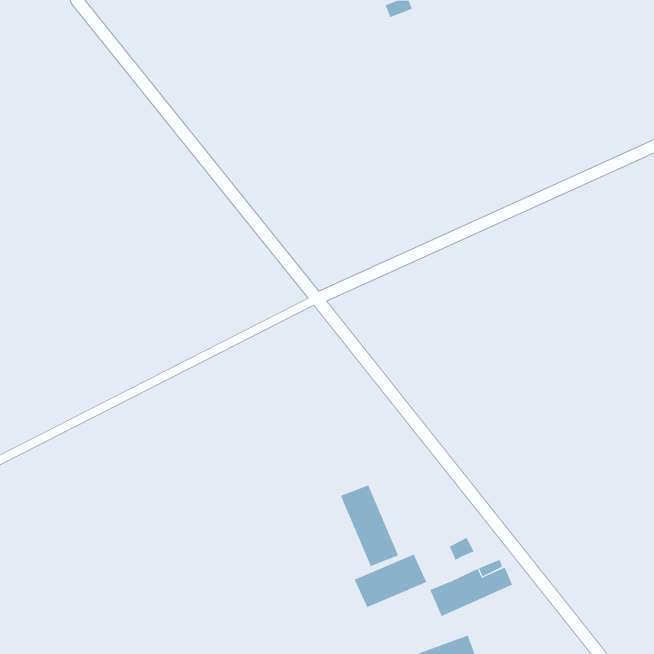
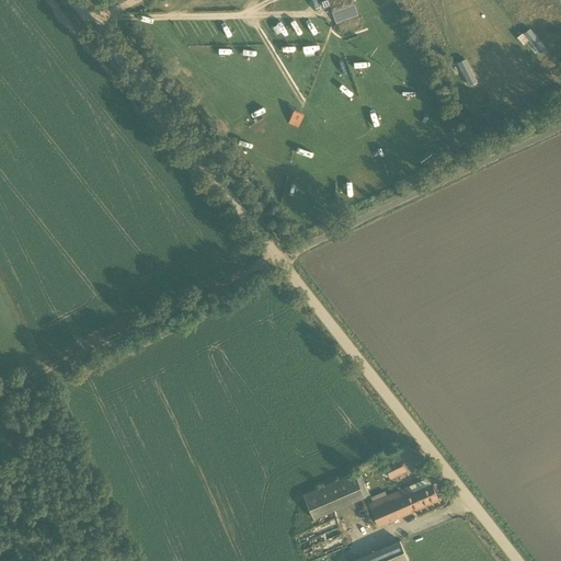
building: [340,485,399,567] -> none

